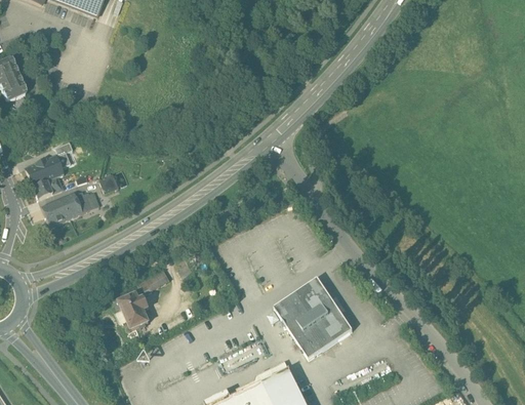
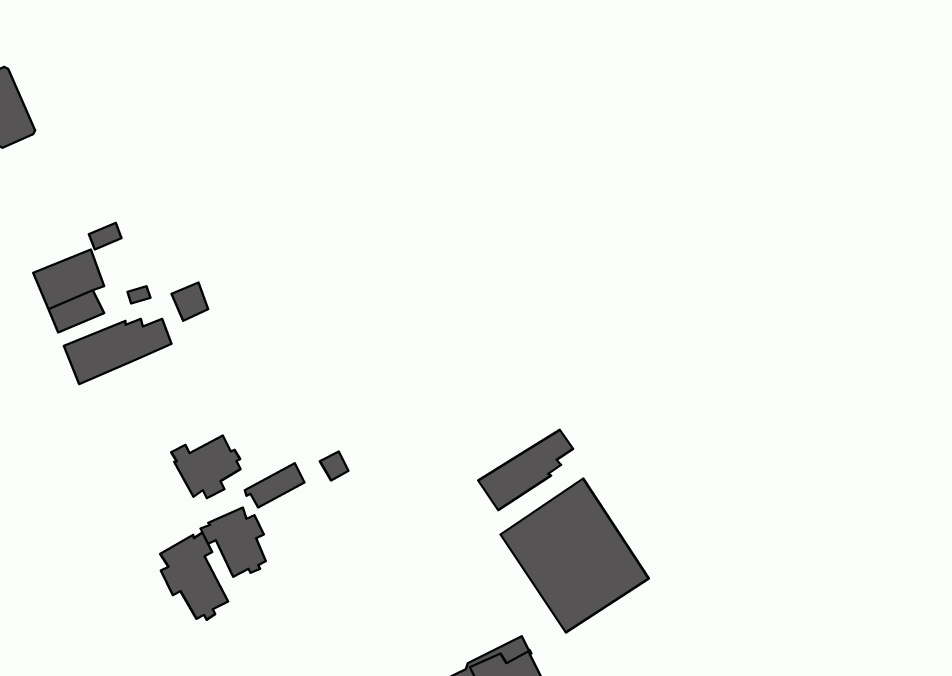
building: none -> [478,430,573,510]
building: none -> [171,435,241,498]
building: none -> [160,533,228,620]

